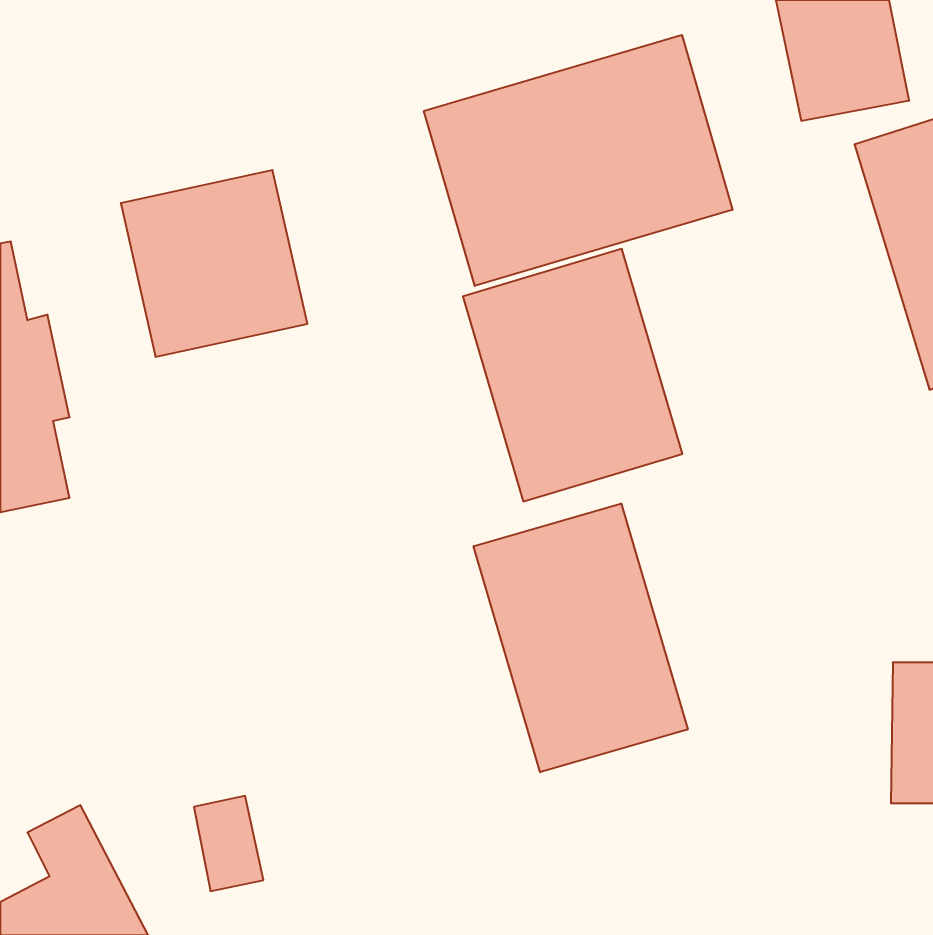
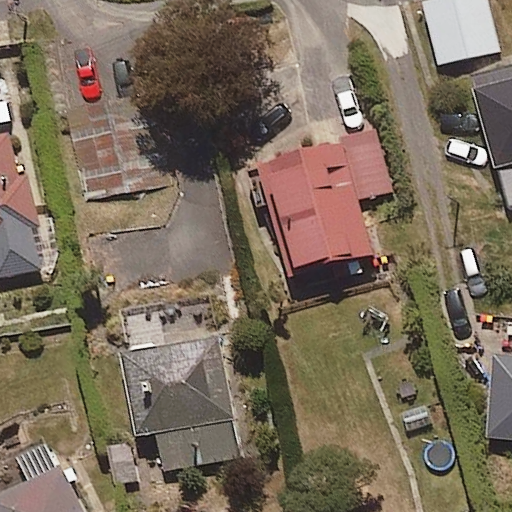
building: [424,35,732,286] -> none
building: [474,503,688,772] -> none
building: none -> [115,330,240,471]

